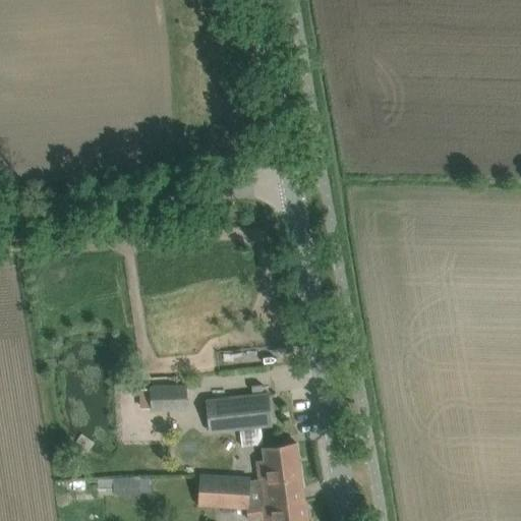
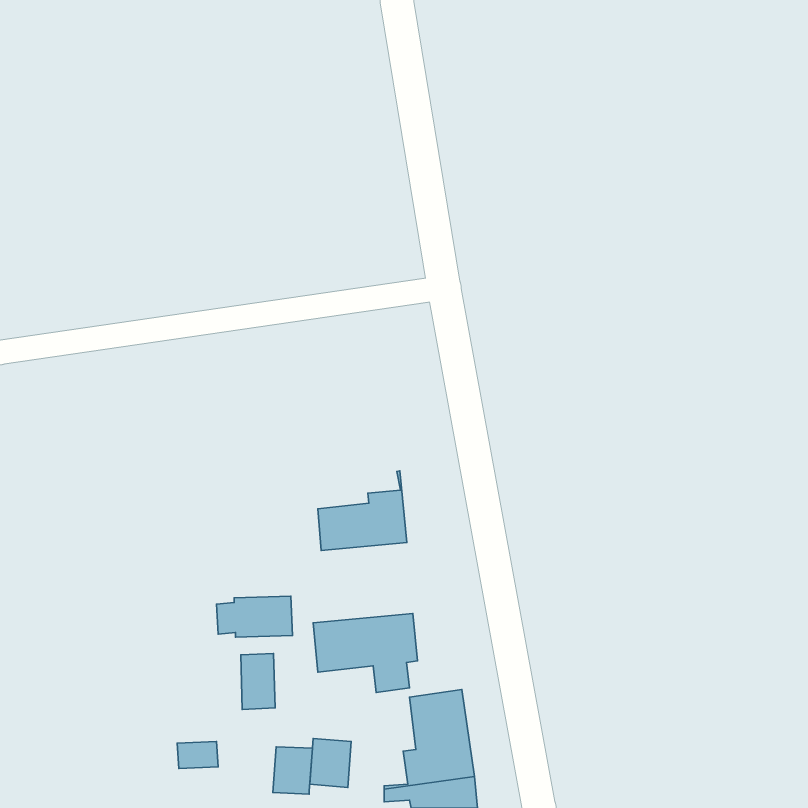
building: none -> [318,471,407,550]
building: none -> [241,653,275,709]
building: [224,477,249,508] -> [273,747,312,794]

